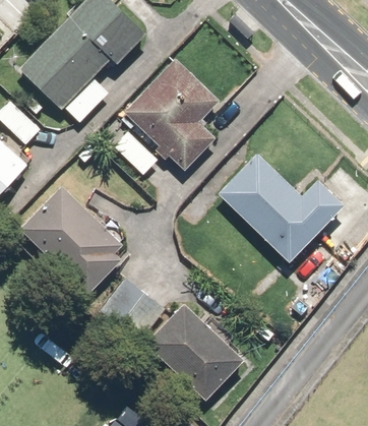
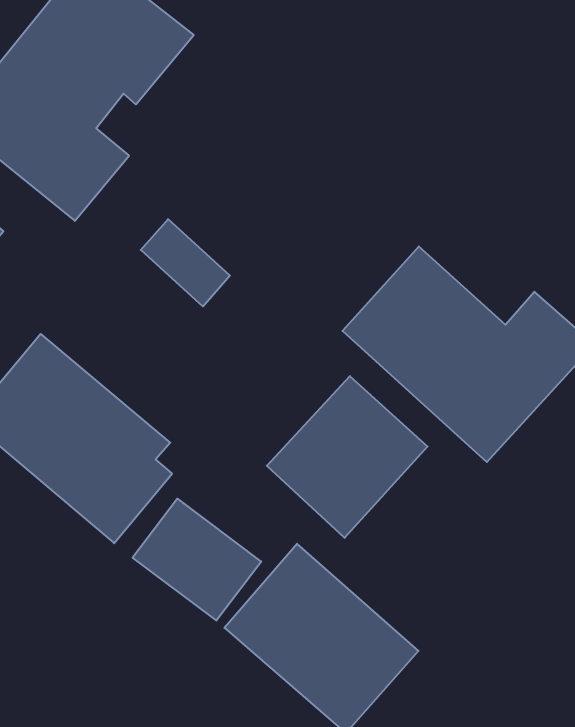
building: [125,57,221,171] -> none
building: none -> [267,376,428,538]

